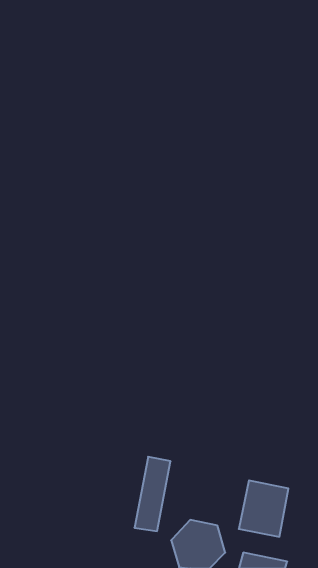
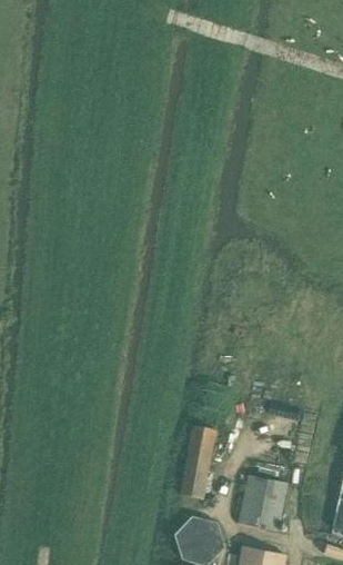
building: [134,457,171,531] -> [180,426,215,499]

